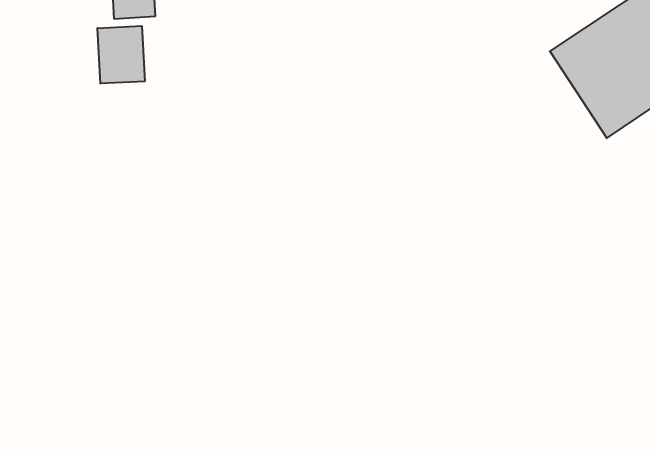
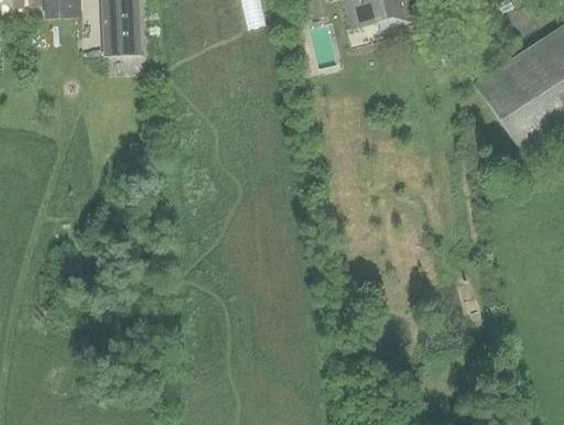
building: [97,26,145,84] -> none

